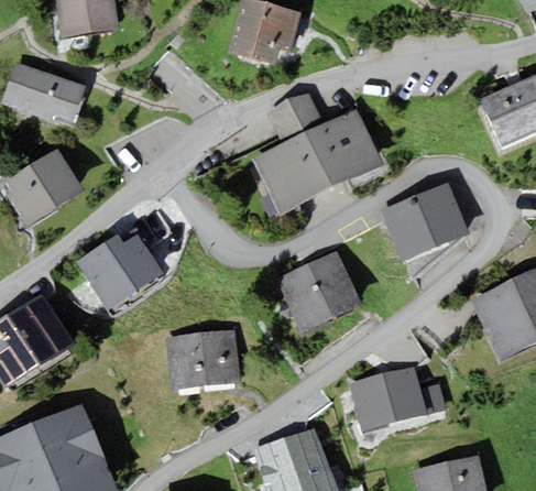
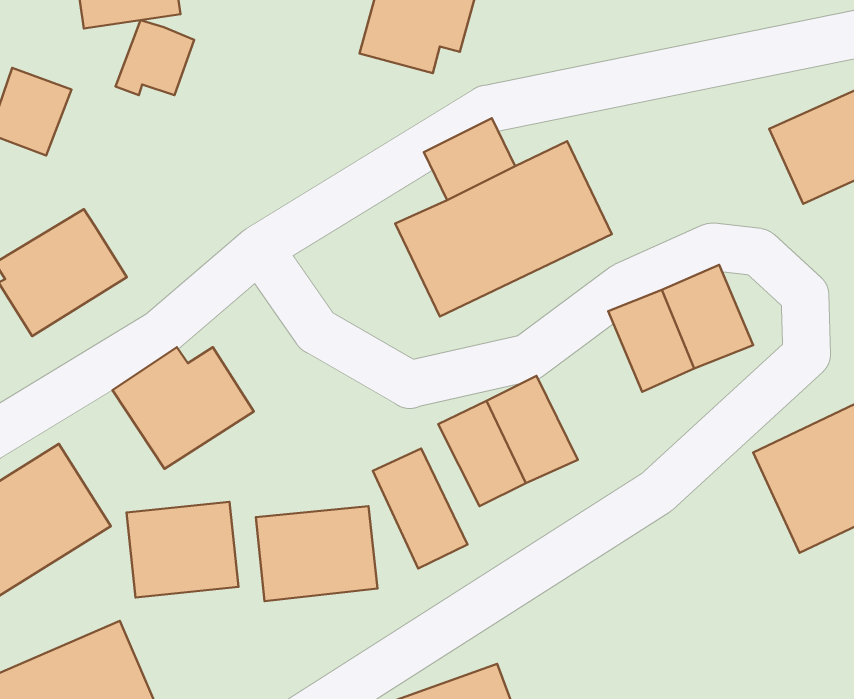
building: [35,75,84,121] -> [115,20,194,95]
building: none -> [373,449,468,568]
building: none -> [126,502,238,598]
building: [348,367,446,430] -> none

